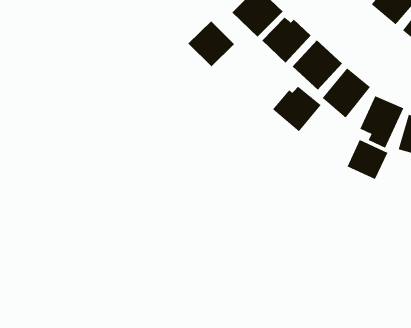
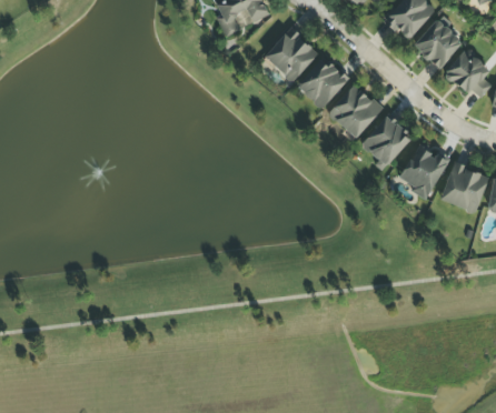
building: [188,21,235,67] -> none
building: [272,86,321,132] -> none
building: [347,139,388,180] -> none

